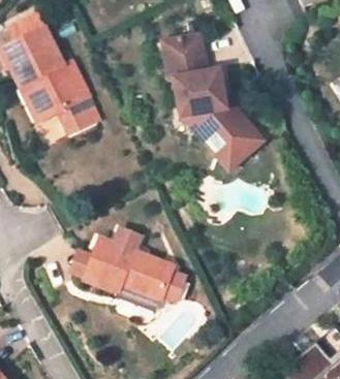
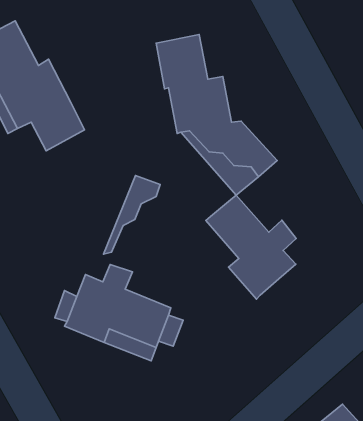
building: none -> [103,175,160,254]
building: none -> [206,195,296,299]

